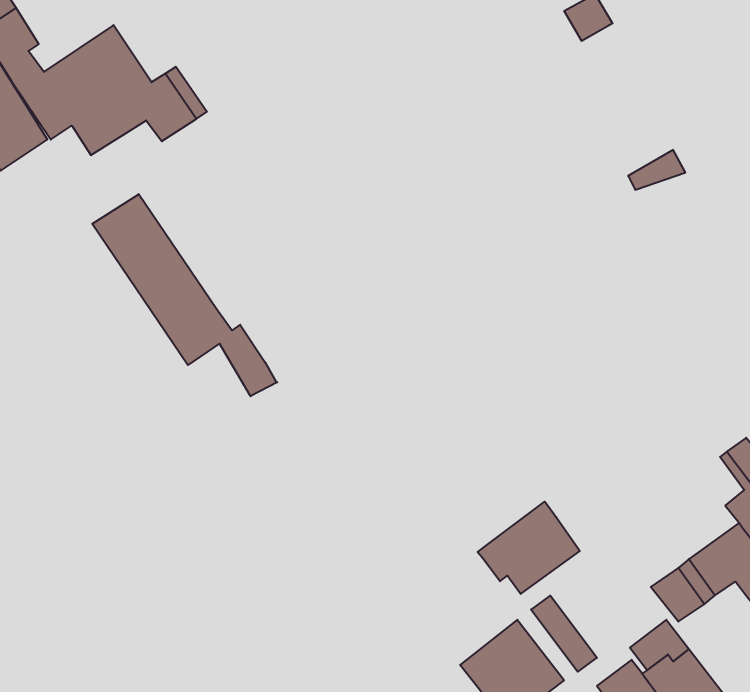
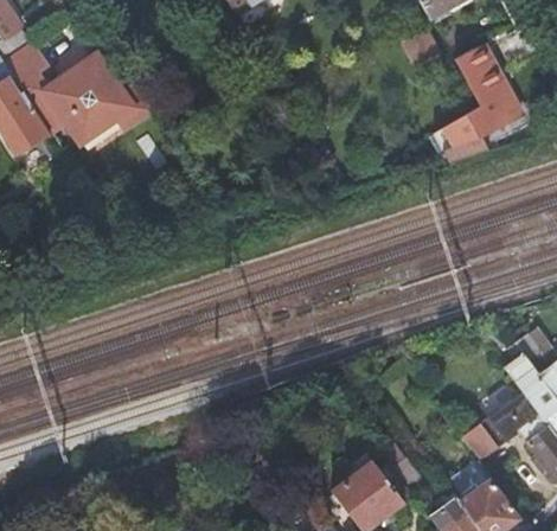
building: none -> [454,47,510,133]
building: [92,194,277,396] -> none
building: [478,502,580,594] -> none

